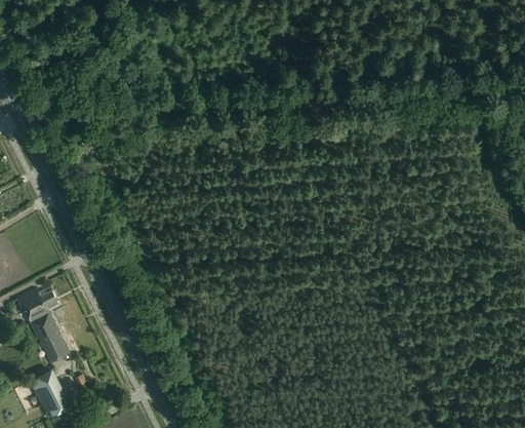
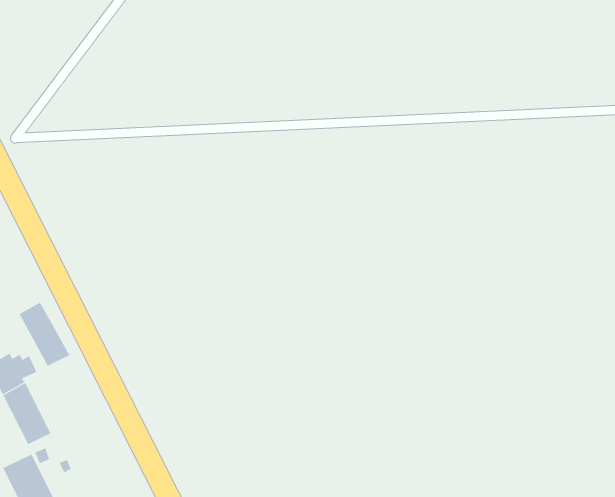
building: none -> [19,302,70,367]

